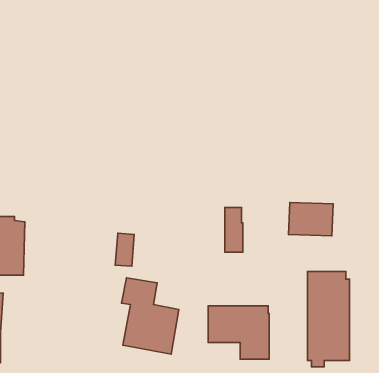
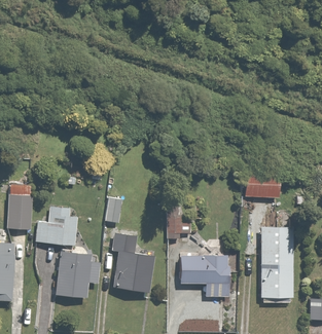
building: [225,207,243,252] -> [165,202,179,238]
building: none -> [33,206,76,246]
building: none -> [53,250,100,297]

